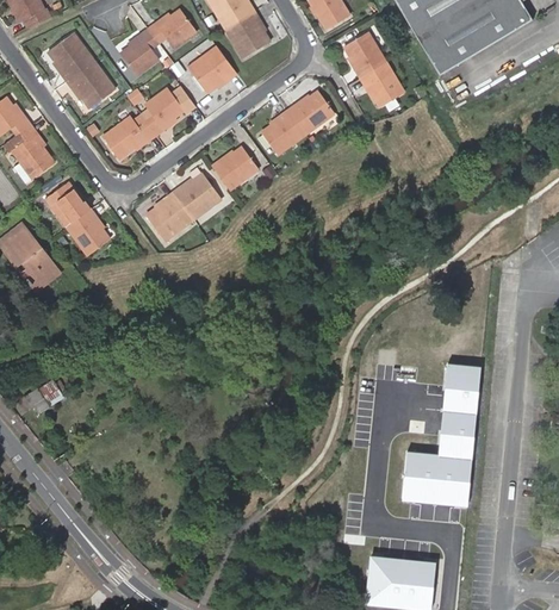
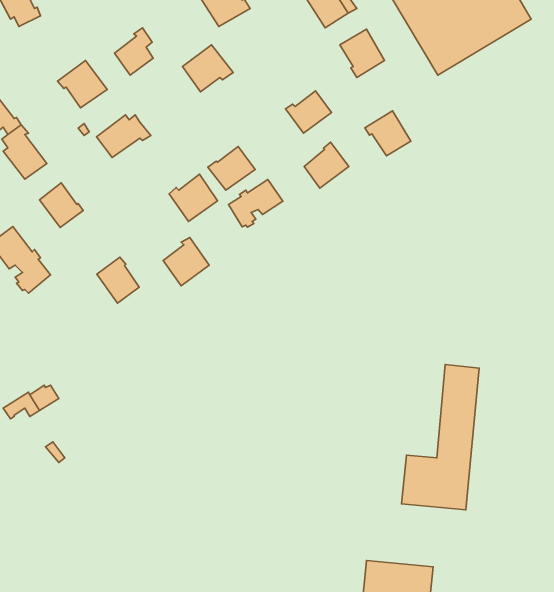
building: [149,10,197,48] -> none
building: [224,11,269,58] -> none
building: [48,33,93,82] -> none
building: [360,62,405,106] -> [365,111,411,156]
building: [147,87,197,136] -> none
building: [263,110,308,155] -> [304,142,349,188]
building: none -> [228,179,283,227]
building: [149,193,194,241] -> [163,237,209,286]
building: [68,210,110,255] -> [97,257,139,303]

